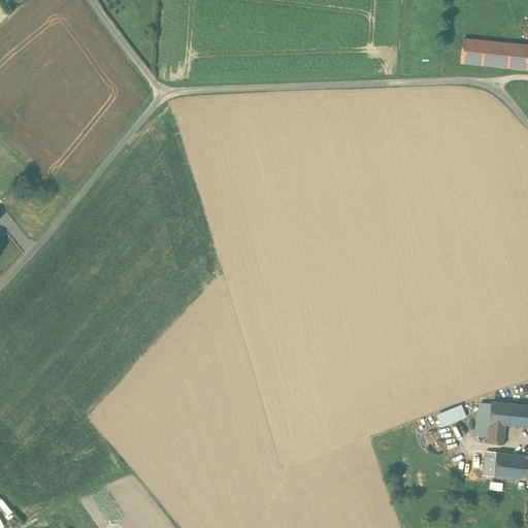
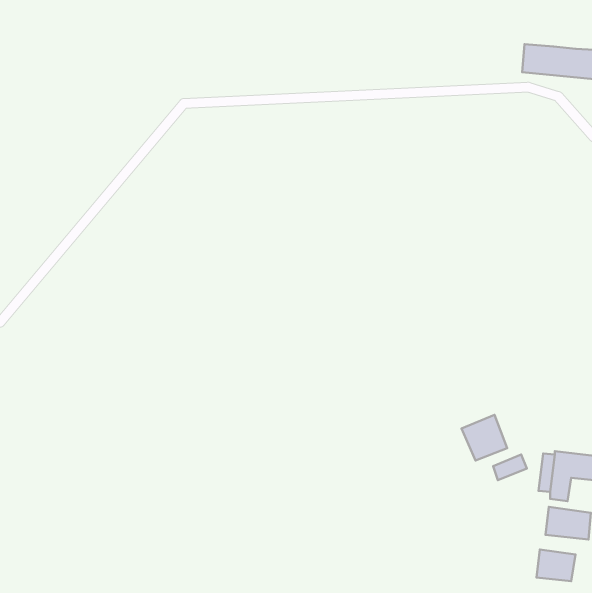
building: none -> [462,415,507,461]
building: none -> [536,549,575,581]

